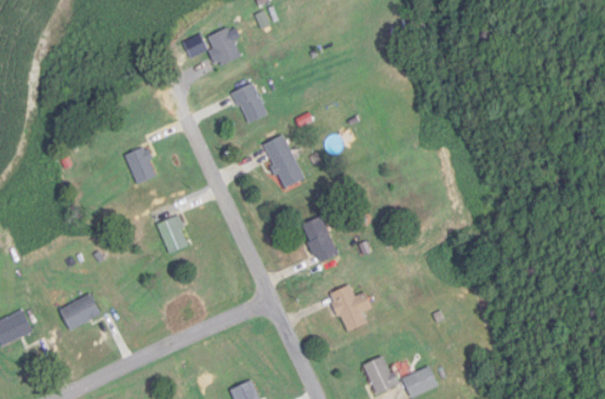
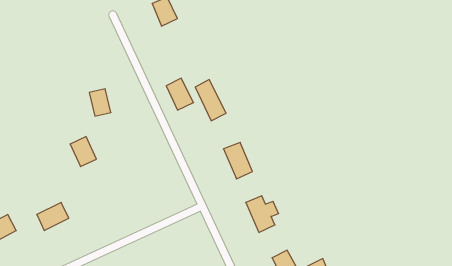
building: [232,82,267,124] -> [166,78,194,110]
building: [156,215,190,253] -> [70,137,96,167]

